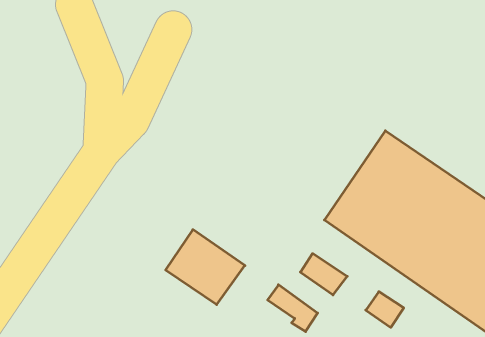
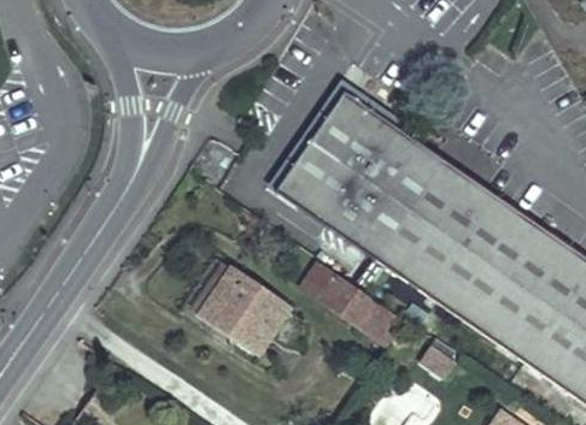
building: none -> [276,90,444,258]
building: [268,285,318,332] -> [307,264,363,315]

